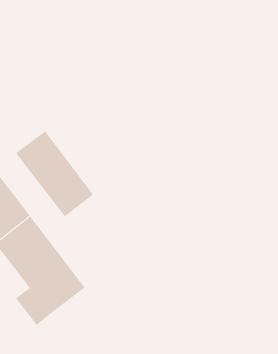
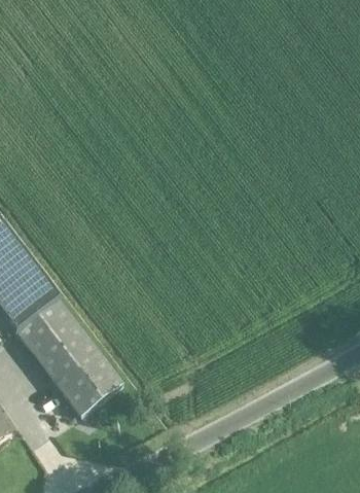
building: [15,130,94,217] -> none

